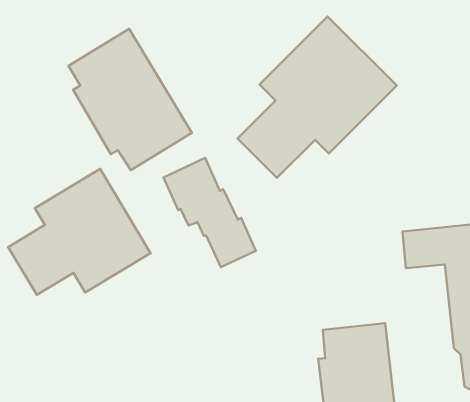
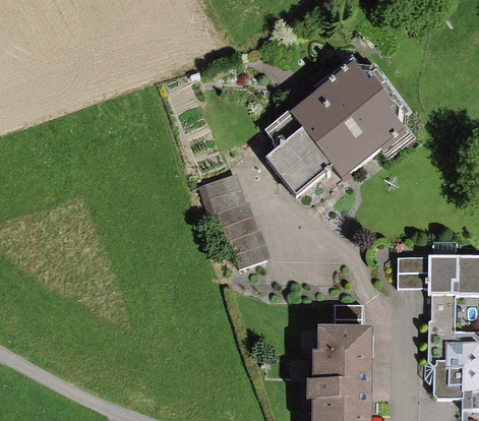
building: [68,29,192,170] -> none
building: [8,169,151,295] -> none

